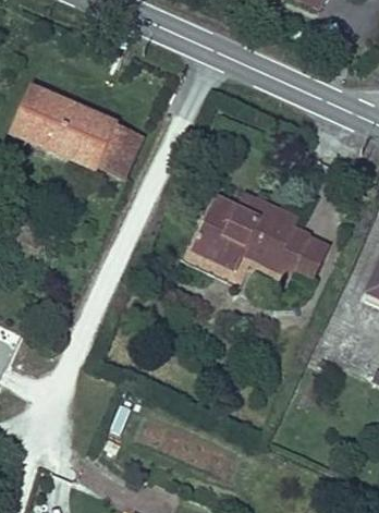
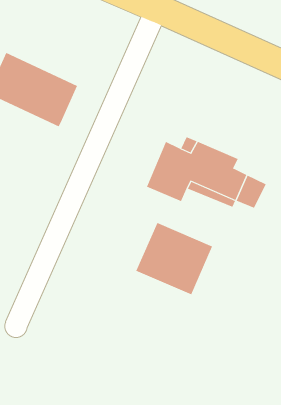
building: [96,132,138,182] -> none
building: none -> [136,222,213,295]

